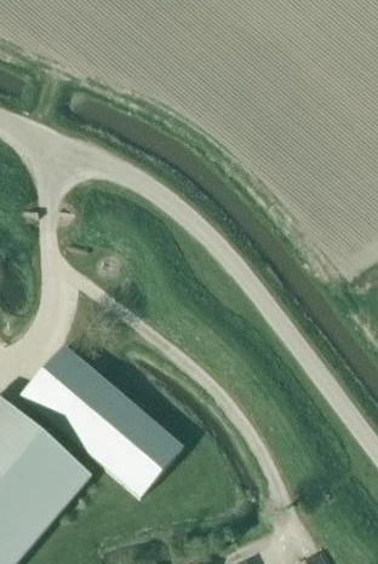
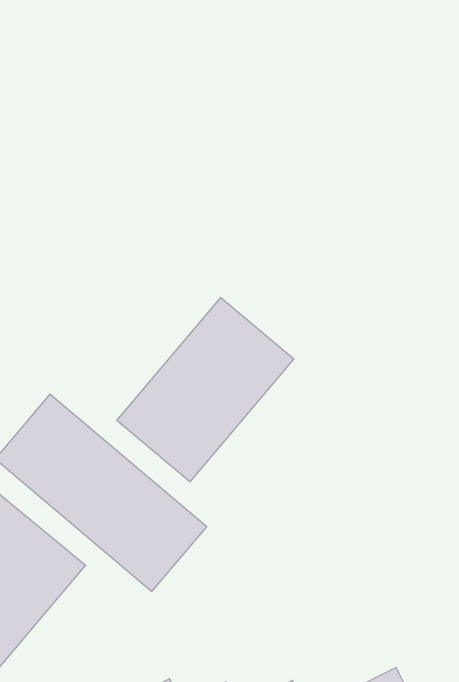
building: none -> [117,297,294,482]

